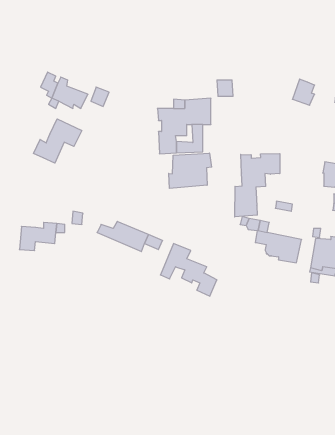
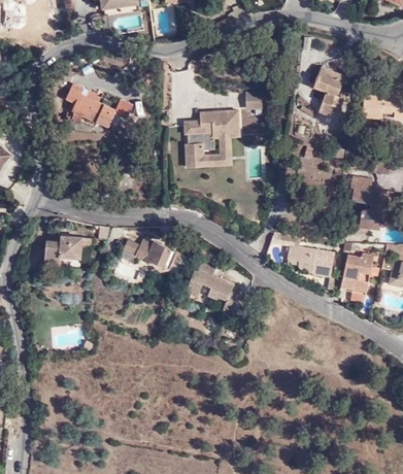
building: none -> [314,69,343,95]
building: [33,119,82,163] -> none
building: [169,153,212,188] -> none
building: [235,154,280,217] -> none

